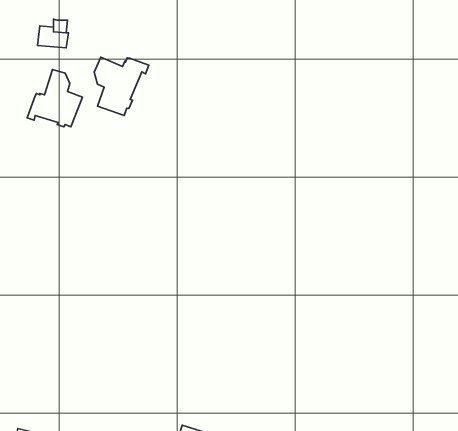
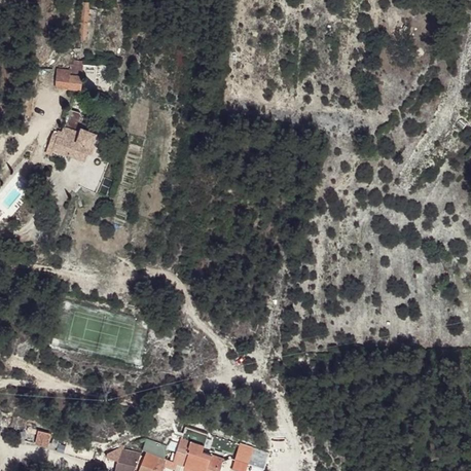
building: [94,57,149,116] -> none

